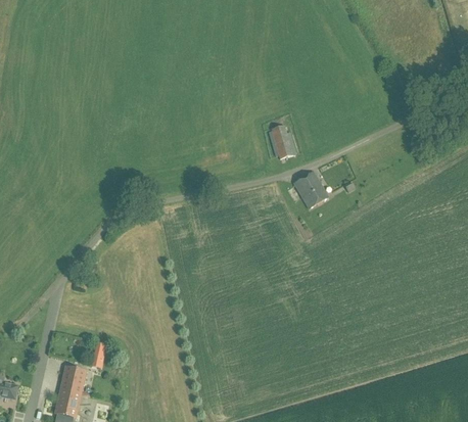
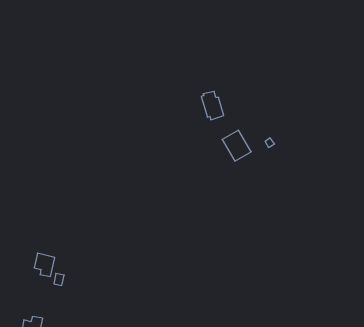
building: [61,366,86,393] -> [34,253,55,276]

